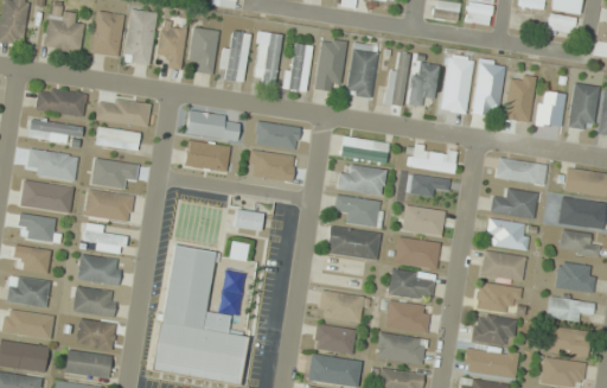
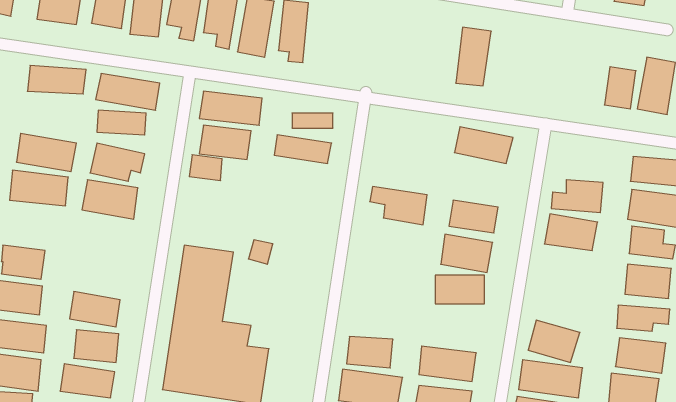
building: [313,38,346,94] -> none
building: [283,43,312,93] -> none
building: [347,43,377,97] -> none
building: [385,51,410,107] -> none
building: [440,57,473,113] -> none
building: [472,63,504,117] -> none
building: [507,76,533,126] -> none
building: [27,117,82,145] -> none
building: [339,138,389,163] -> none
building: [496,157,548,186] -> none
building: [338,165,385,195] -> none
building: [407,173,449,199] -> none
building: [234,209,262,231] -> [189,155,222,181]
building: [17,214,59,240] -> none
building: [81,223,128,255] -> none
building: [326,227,381,260] -> none
building: [480,250,525,282] -> none
building: [77,255,121,285] -> none
building: [475,281,520,312] -> none
building: [318,291,363,323] -> none
building: [382,299,430,333] -> none

